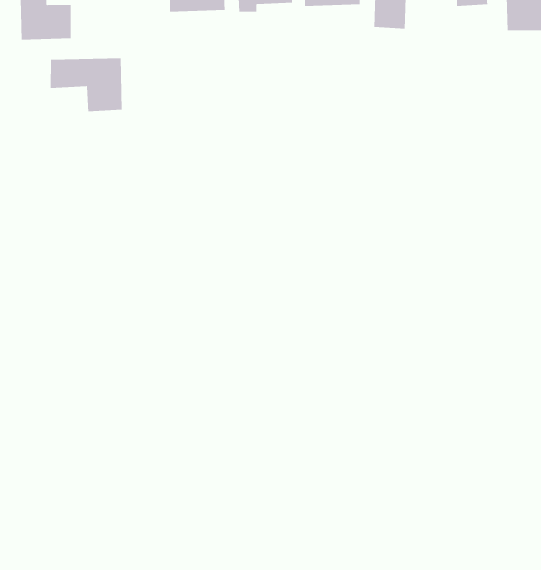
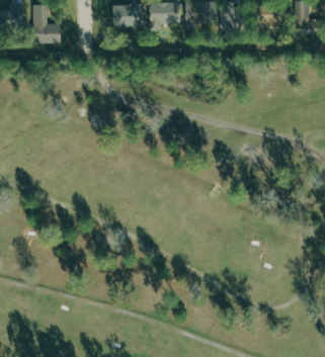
building: [50,57,122,112] -> none

